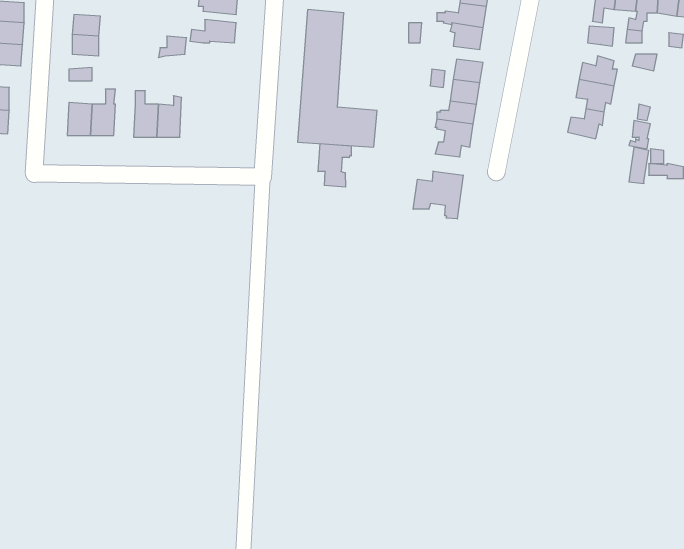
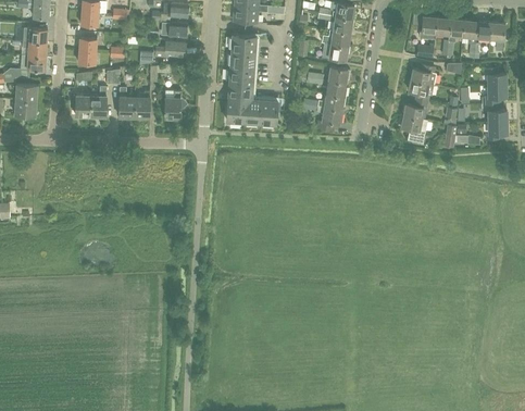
building: none -> [164,90,184,119]
building: none -> [401,114,427,144]
building: [318,144,351,187] -> none
building: [413,171,463,219] -> none

